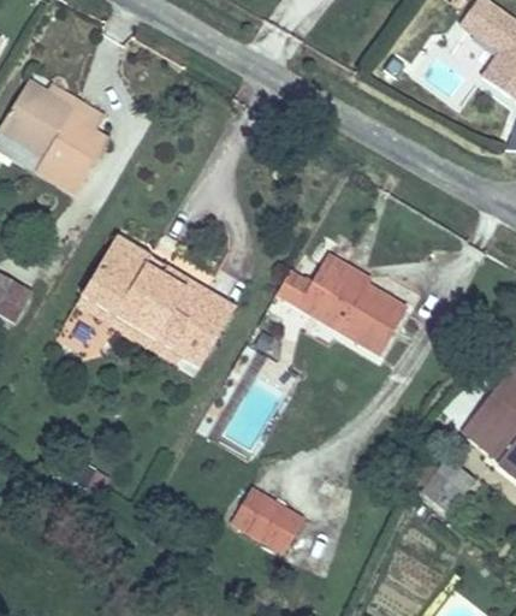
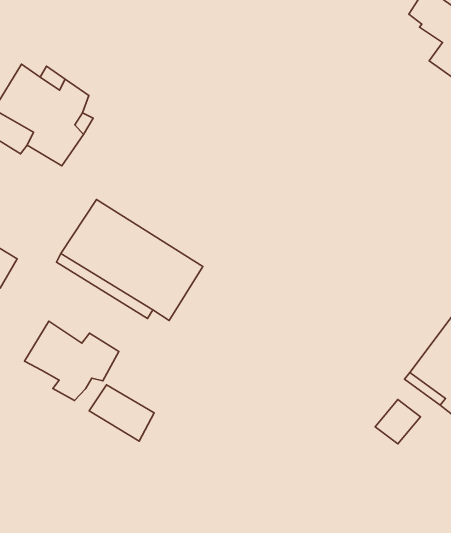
building: [279,245,411,350] -> none
building: none -> [24,321,119,401]
building: [224,484,296,546] -> [89,385,154,441]

